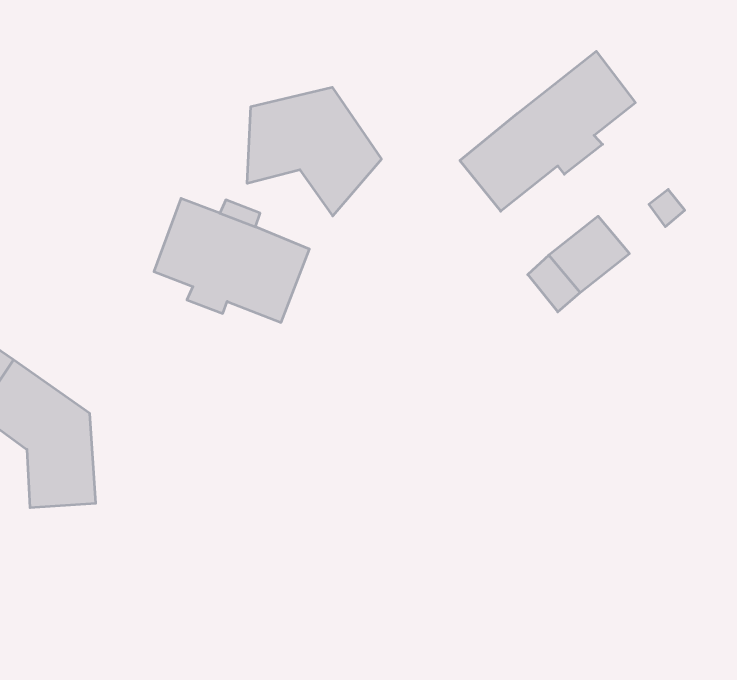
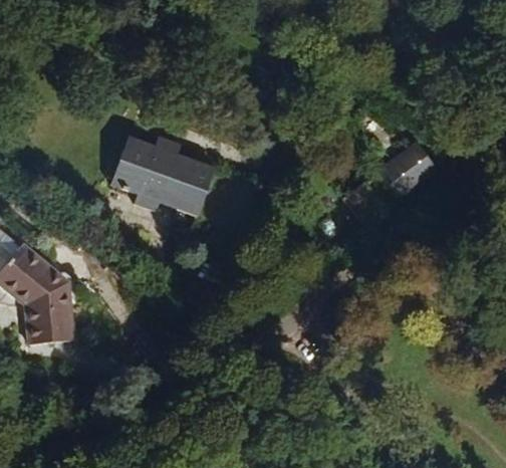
building: [460,51,635,211] -> none
building: [247,87,381,216] -> none

